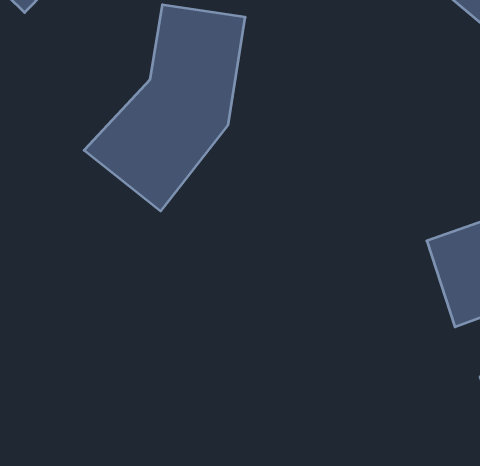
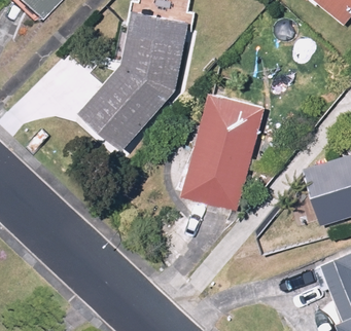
building: none -> [185,94,265,208]

